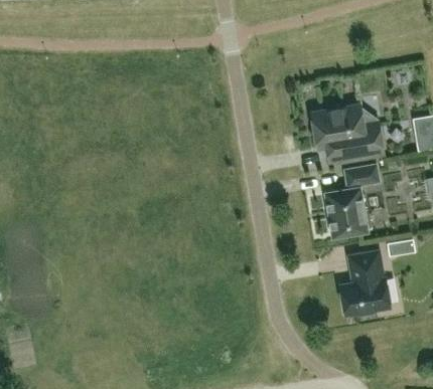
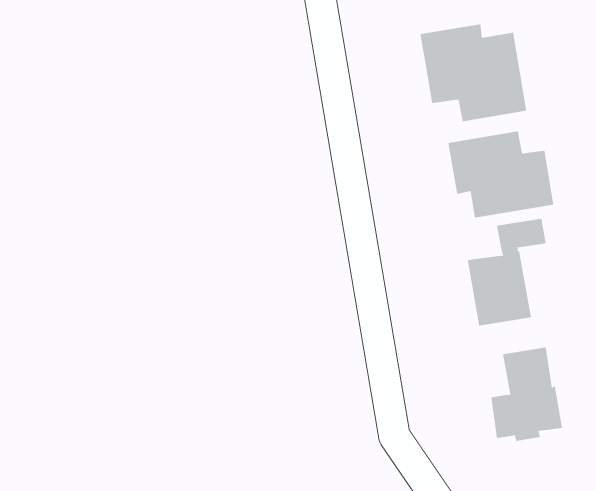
building: none -> [420,24,527,122]

